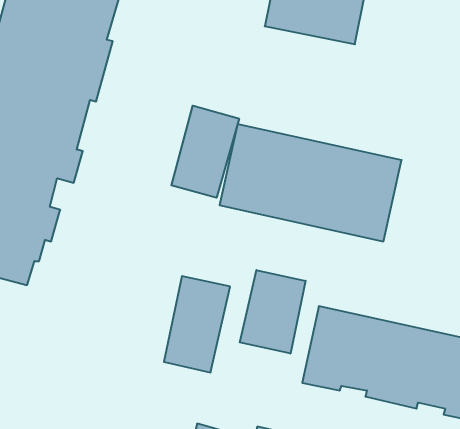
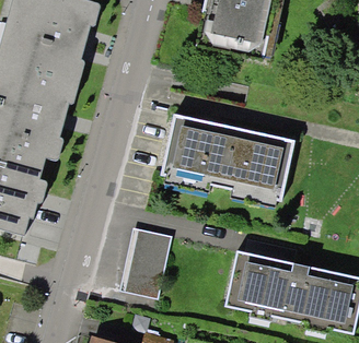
building: [171,106,239,198] -> none
building: [240,270,306,354] -> none

